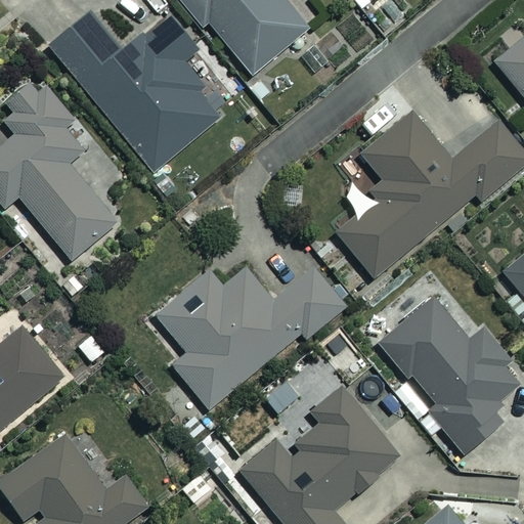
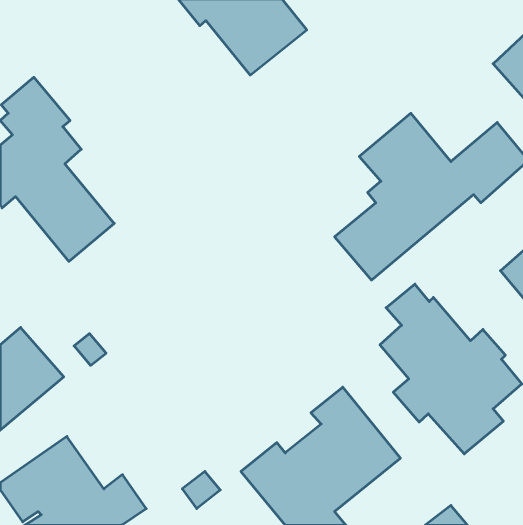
building: [49,12,221,172] -> none
building: [157,263,348,407] -> none

